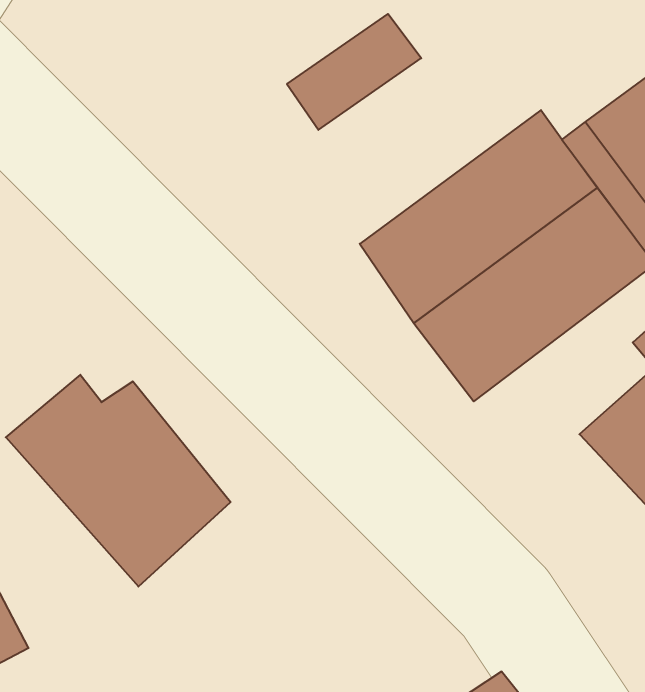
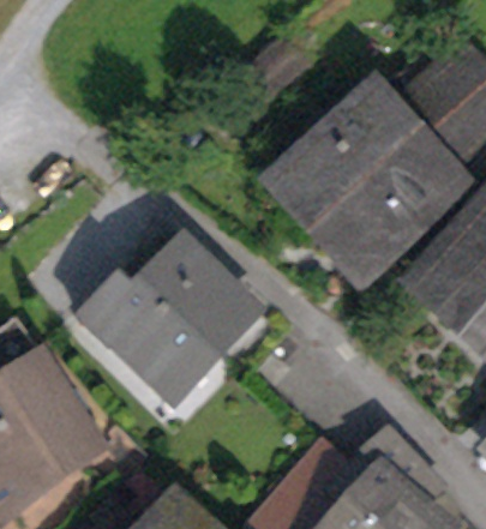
building: none -> [151,244,253,347]

